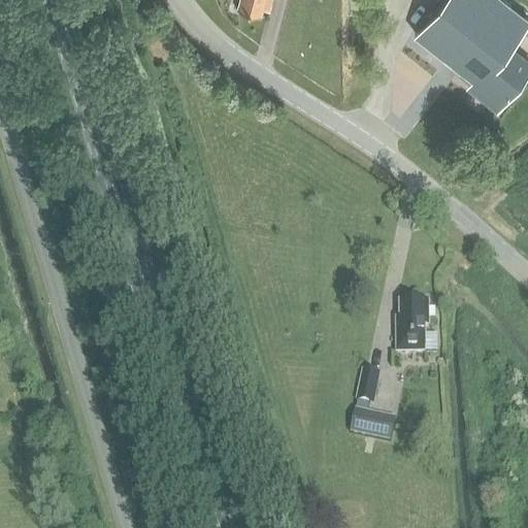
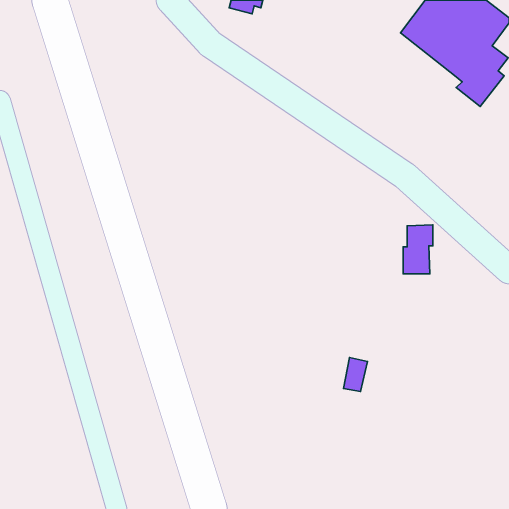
building: [398,303,429,354] -> [403,225,433,274]
building: [350,410,395,443] -> none

